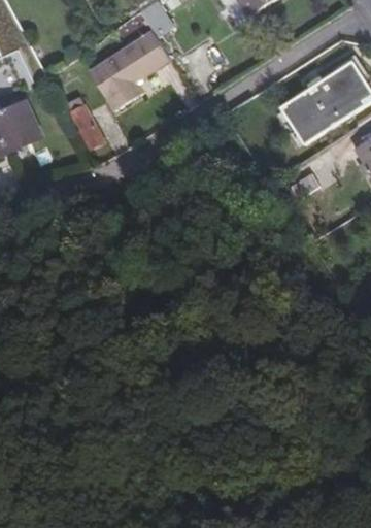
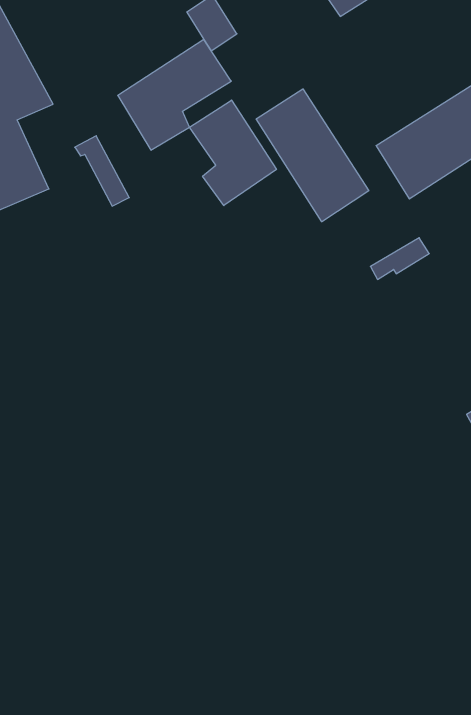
building: none -> [256,89,369,222]
building: none -> [190,100,276,206]

